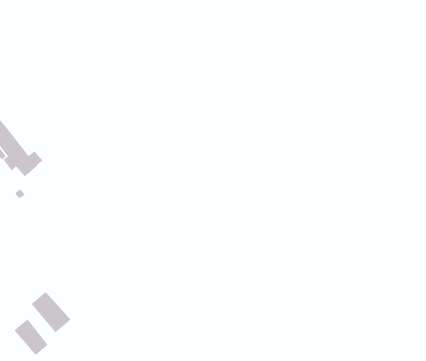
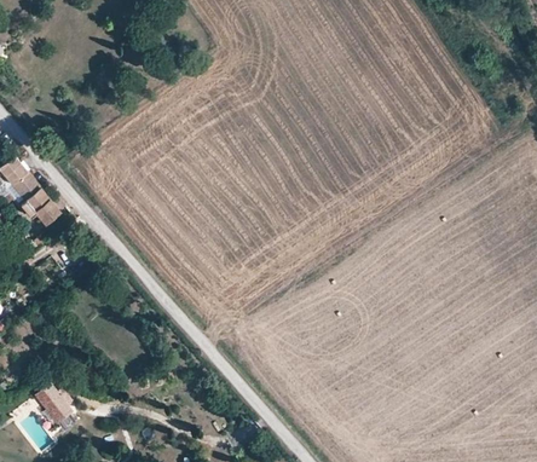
building: [31,291,71,333] -> none

